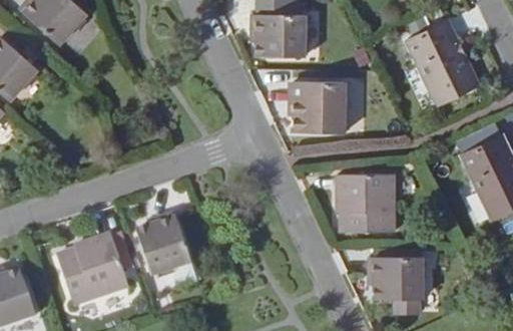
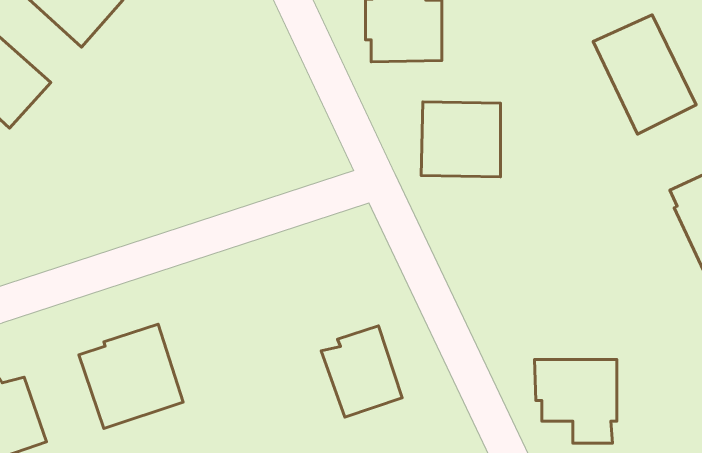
building: [337,175,393,233] -> none
building: [136,214,191,276] -> [321,326,402,417]

